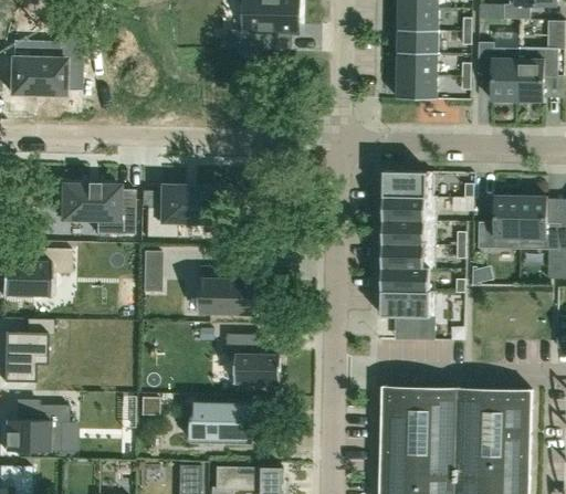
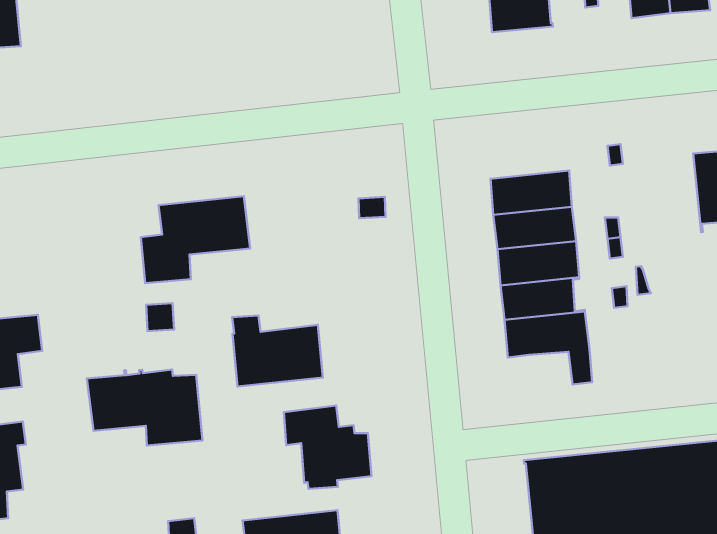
building: [382,170,436,197] -> none
building: [60,181,133,234] -> [87,369,203,446]
building: [476,196,520,249] -> none

